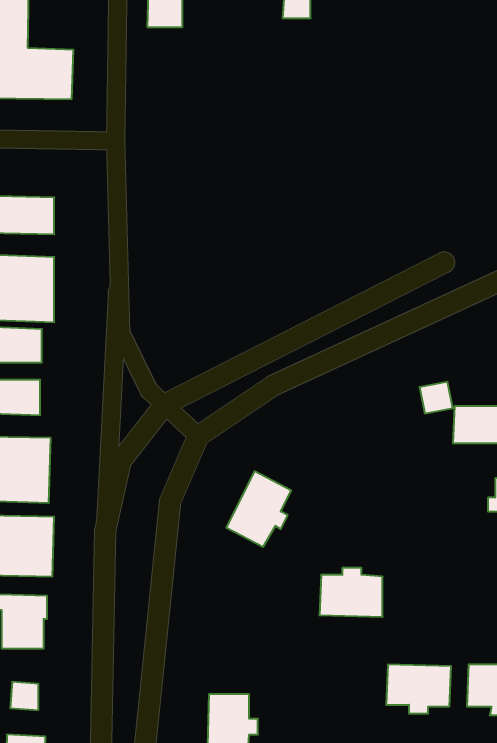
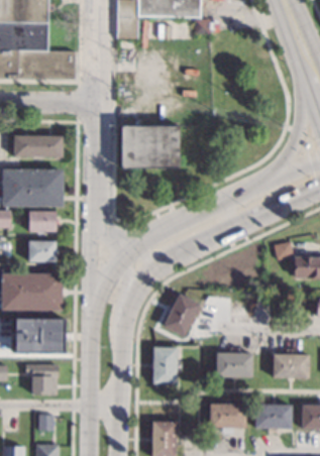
building: none -> [121,125,179,168]
building: none -> [152,347,182,383]
building: none -> [273,349,309,378]
building: none -> [210,405,246,434]

